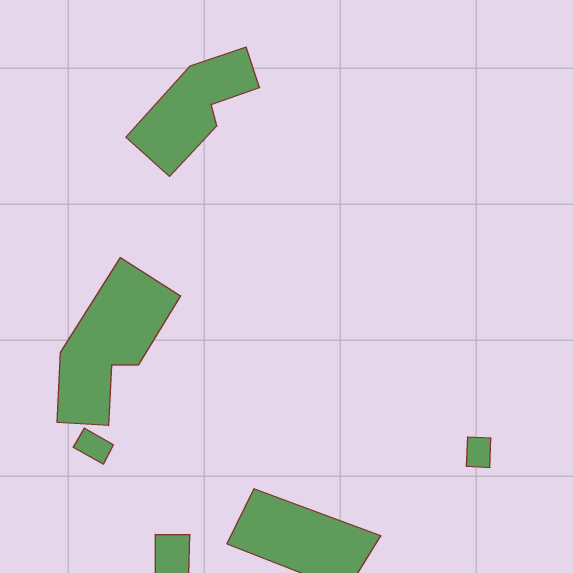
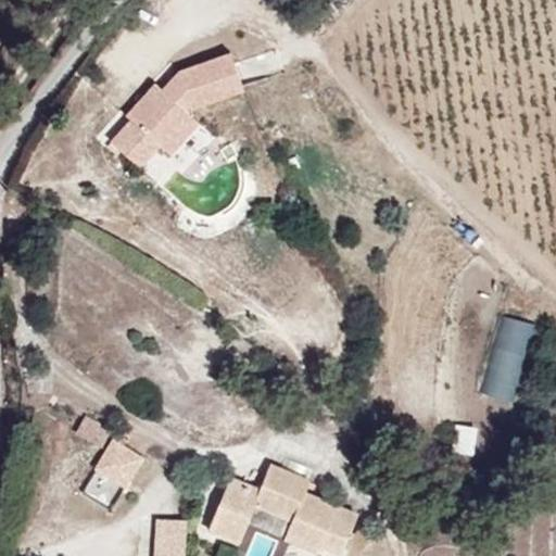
building: [57,258,181,426] -> none
building: none -> [480,314,532,400]
building: none -> [77,438,144,511]

